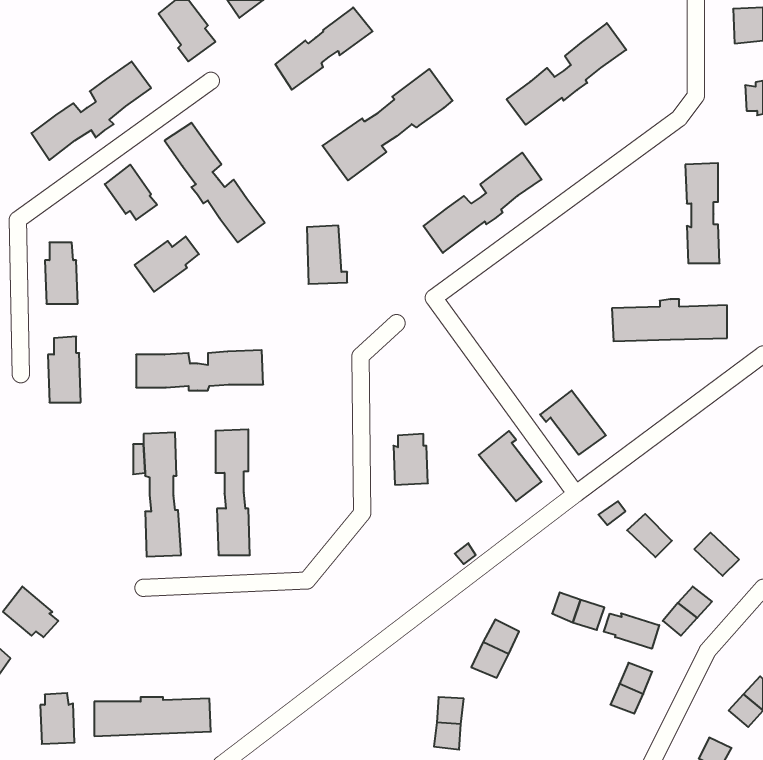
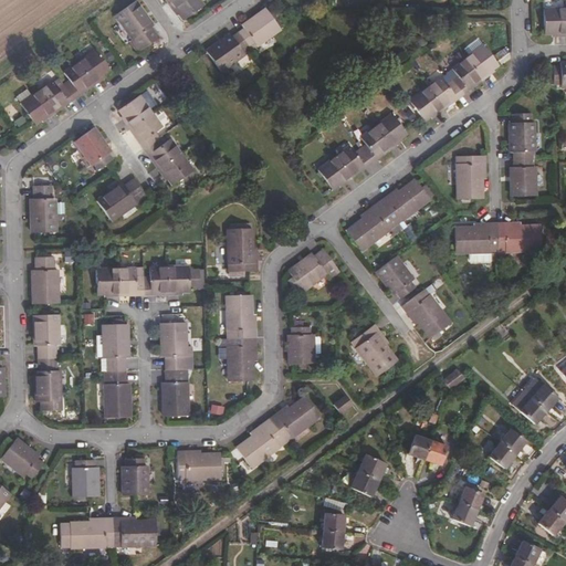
building: [507,23,626,125] -> [405,45,493,120]
building: [322,69,453,180] -> none
building: none -> [454,156,483,200]
building: [307,226,347,284] -> [229,226,259,269]
building: none -> [344,181,426,252]
building: none -> [291,247,342,287]
building: none -> [373,259,412,301]
building: none -> [228,293,259,377]
building: none -> [38,312,62,397]
building: [627,514,672,557] -> [525,385,558,417]
building: none -> [240,397,323,467]
building: none -> [179,451,221,479]
building: [604,613,659,649] -> none
building: none -> [124,458,148,494]
building: [40,693,75,744] -> [73,459,98,496]

